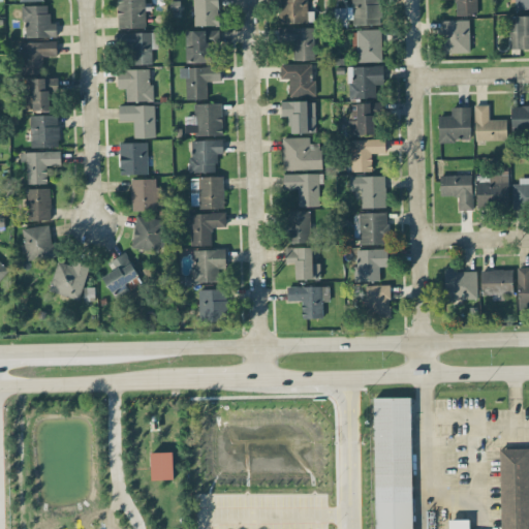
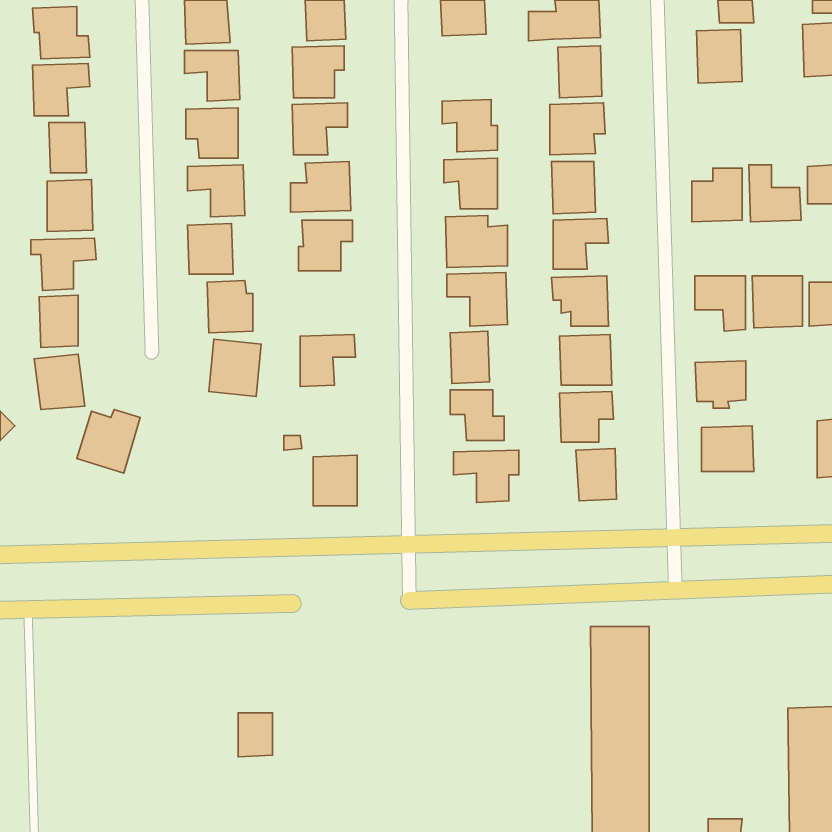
building: [282,28,315,61] -> none
building: [191,177,224,209] -> none
building: [193,249,226,283] -> none
building: [103,253,138,299] -> none
building: [481,270,514,300] -> [695,361,746,408]

